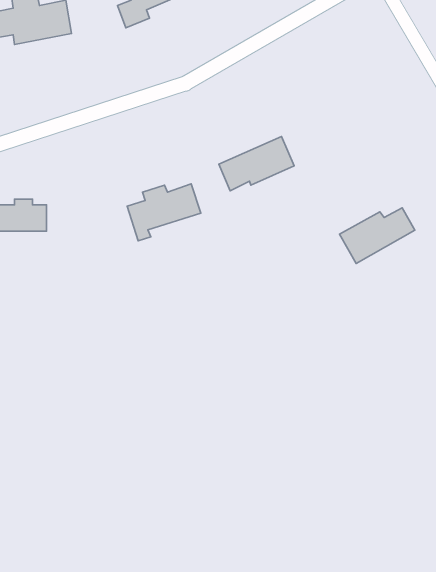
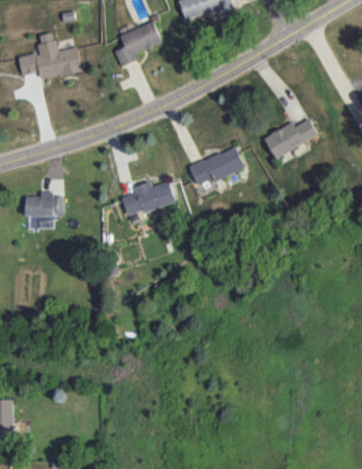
building: [340,208,415,263] -> [263,118,318,159]

